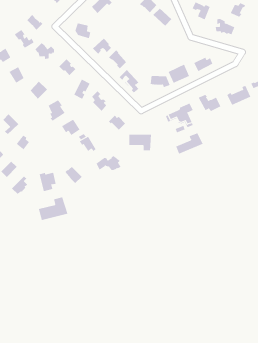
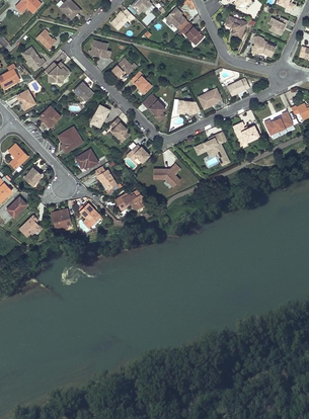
building: [175,132,204,155] -> none
building: [38,196,68,221] -> none

